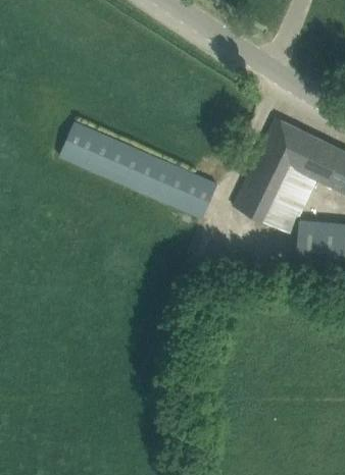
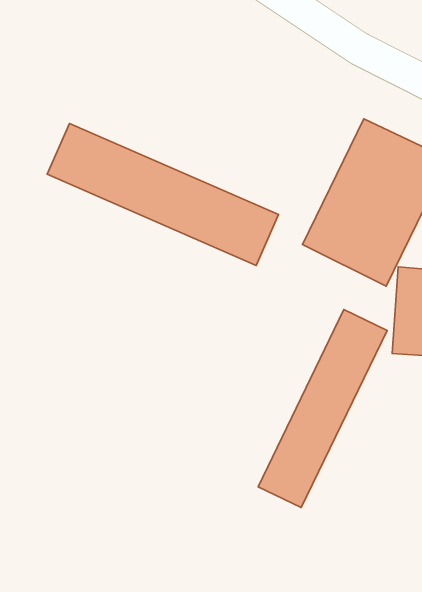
building: none -> [258,310,387,507]

